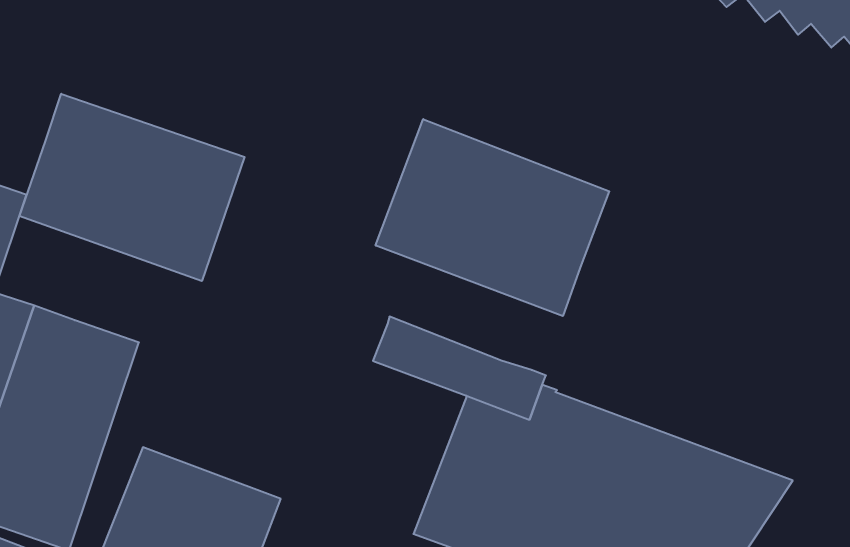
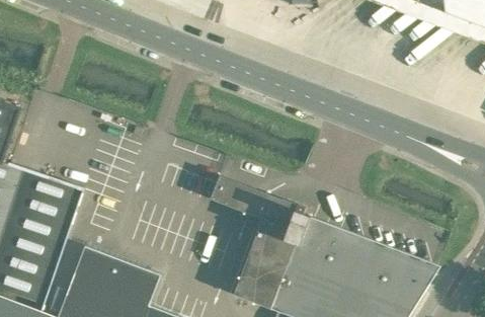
building: [19,94,245,281] -> none
building: [376,119,609,316] -> none

